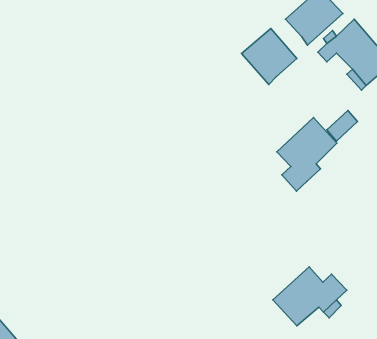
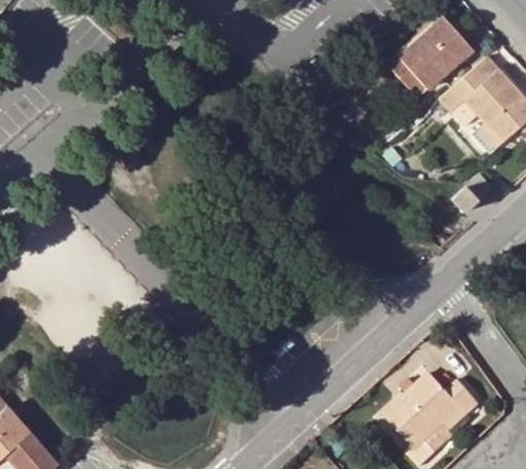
building: [241,29,297,85] -> none
building: [277,118,337,191] -> none

